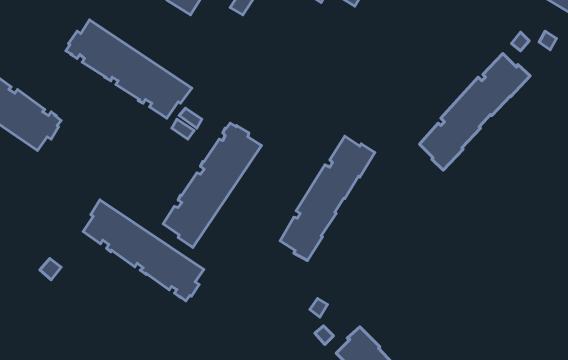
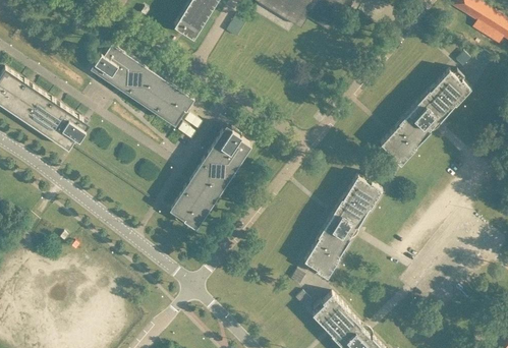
building: [280,136,375,261] -> [303,177,381,279]
building: [83,200,204,301] -> none

